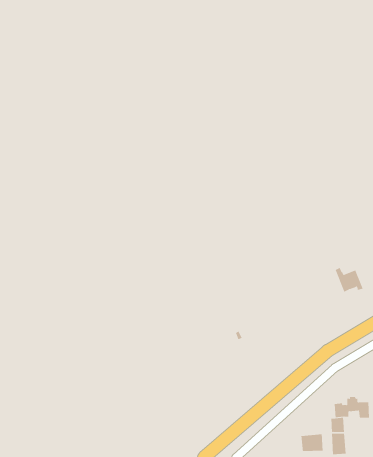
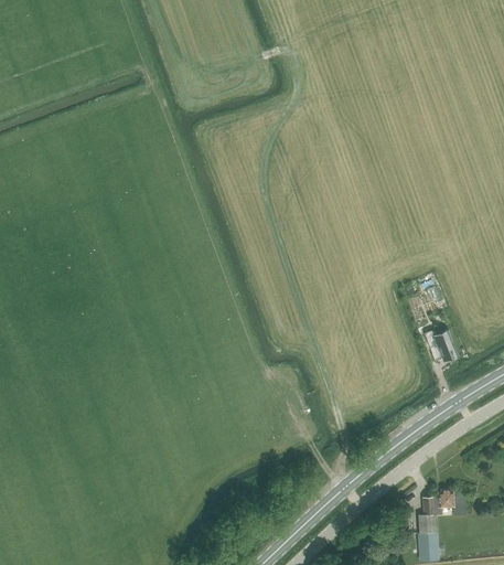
building: [301,433,323,452] -> none

